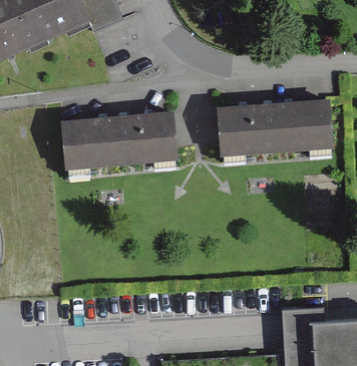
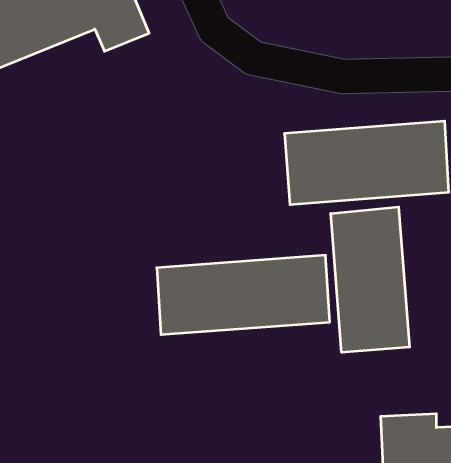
building: [60,110,185,167] -> [157,255,330,335]
building: none -> [331,207,410,352]

